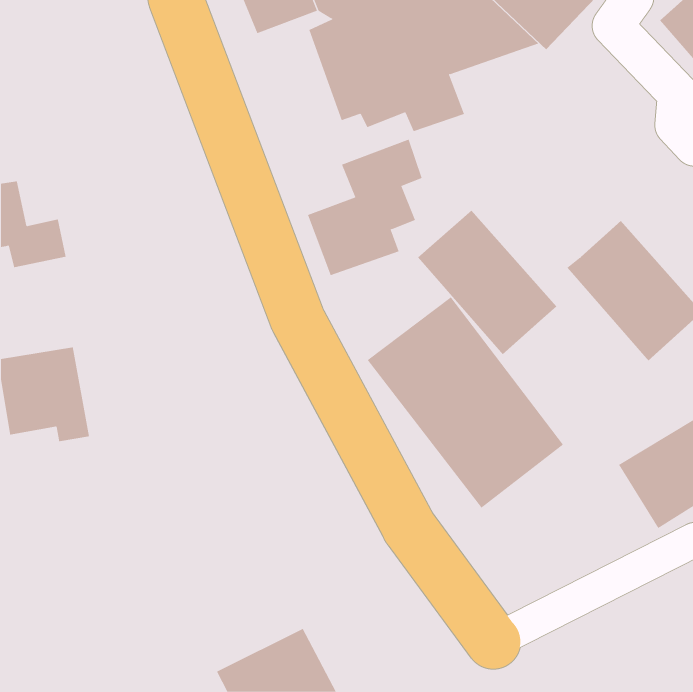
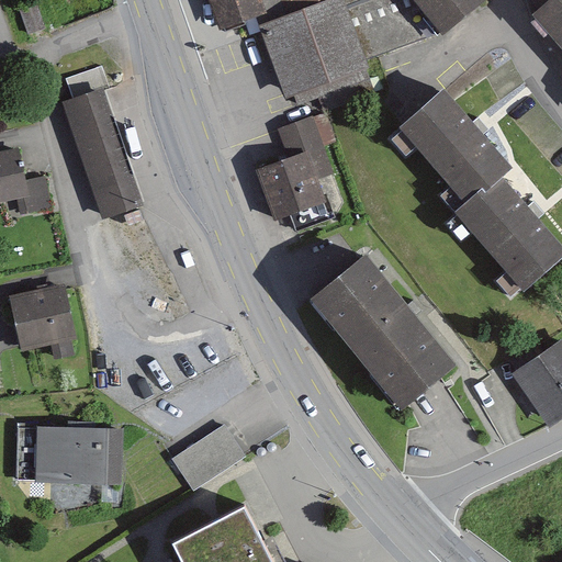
building: none -> [57,85,146,213]
building: [417,210,557,355] -> [401,90,514,207]
building: none -> [175,424,248,488]
building: none -> [23,426,119,509]

